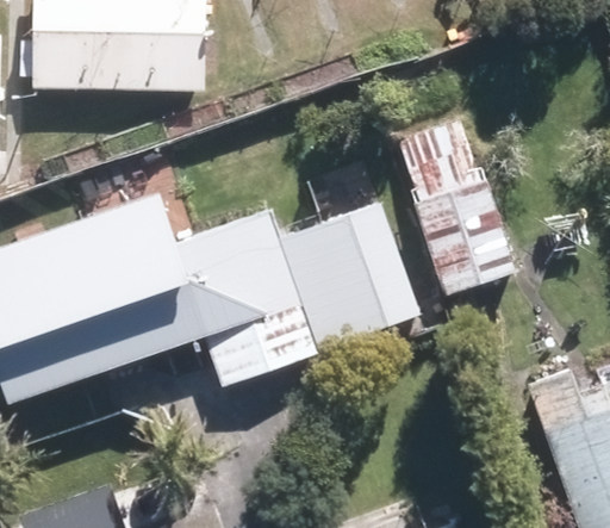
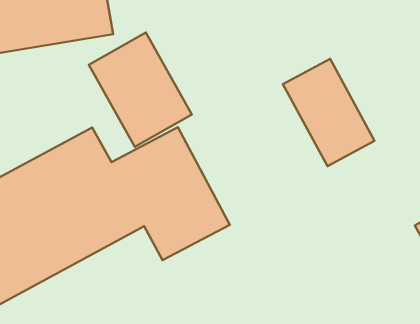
building: none -> [89,33,192,147]
building: [279,203,419,349] -> none

